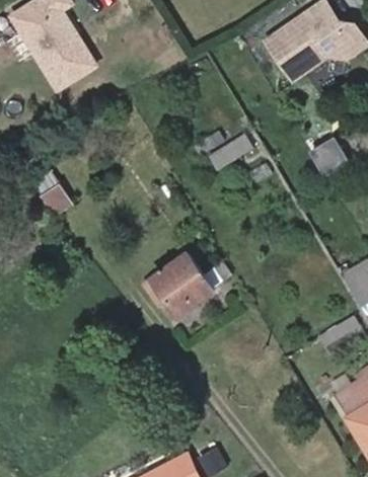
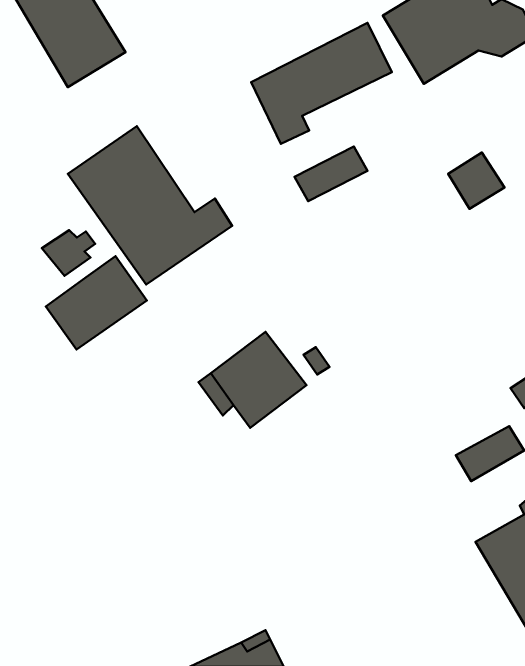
building: none -> [251,23,392,144]
building: none -> [68,126,232,285]
building: none -> [46,256,147,349]

